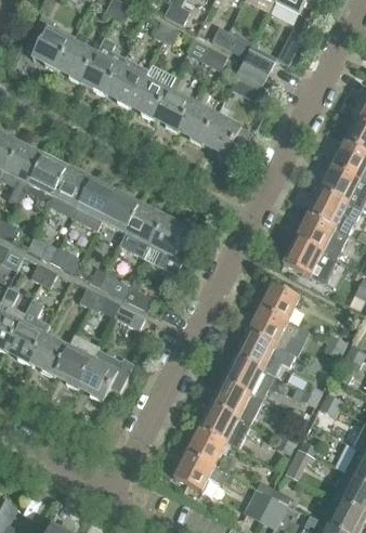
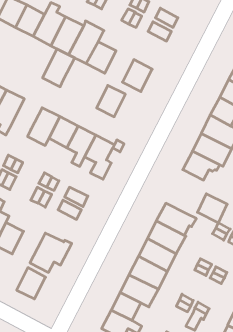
building: [178,102,217,144] -> [97,85,125,117]
building: [50,167,93,218] -> [43,49,75,87]
building: [260,283,300,322] -> [197,194,227,223]
building: [53,346,92,388] -> [17,268,46,299]

